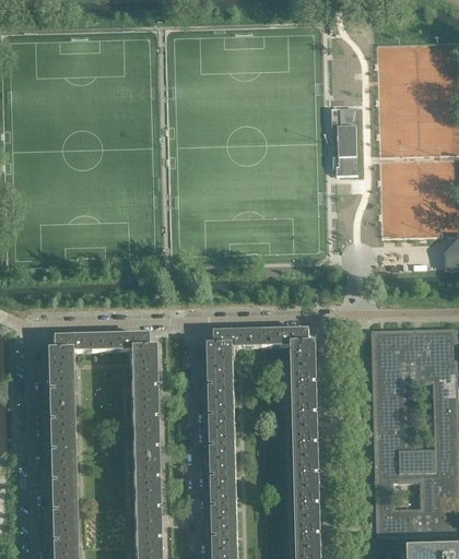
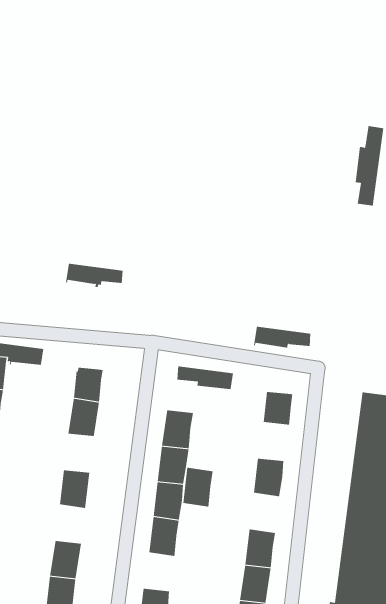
building: [261,330,309,347] -> [253,326,311,348]
building: [99,334,148,352] -> [65,263,123,288]
building: [209,343,233,370] -> none
building: [292,367,315,399] -> none
building: [130,402,154,433] -> none
building: [293,428,317,459] -> [182,467,213,507]
building: [132,463,156,493] -> none
building: [213,491,236,522] -> none

